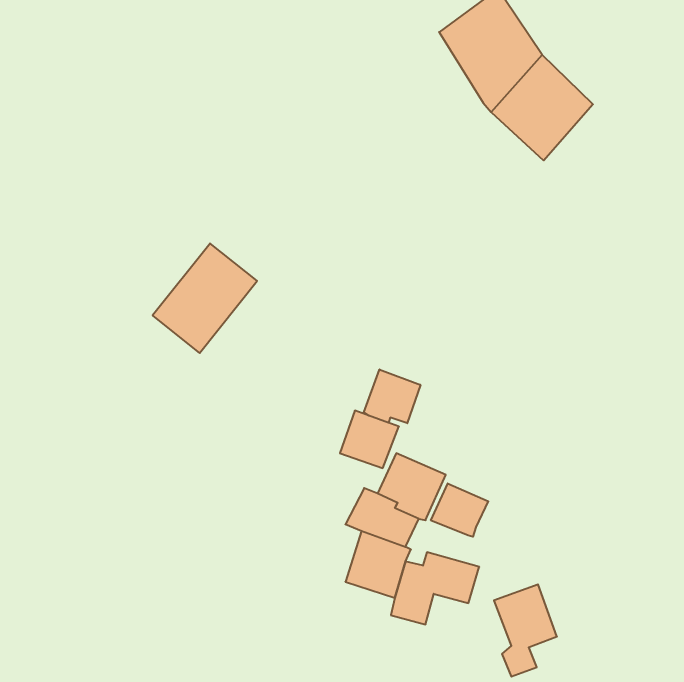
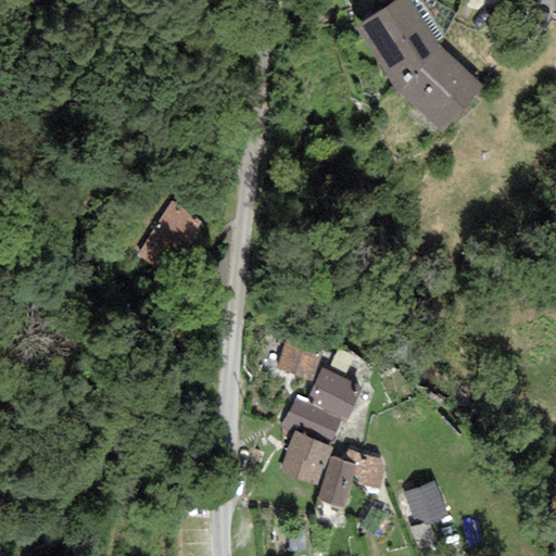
building: [364,369,420,423] -> none
building: [431,483,488,537] -> none

